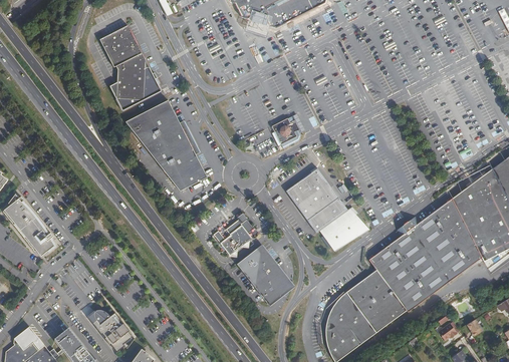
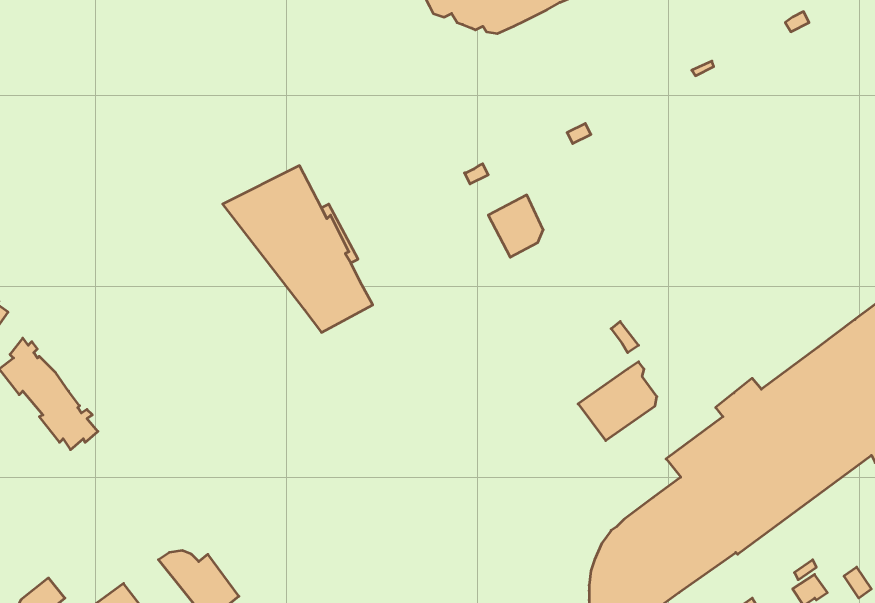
building: [98,25,161,110] -> none
building: [286,168,347,233] -> none
building: [220,220,253,256] -> none
building: [237,247,282,308] -> none

